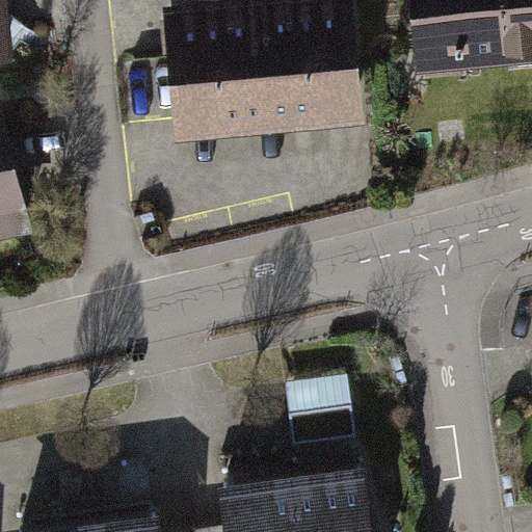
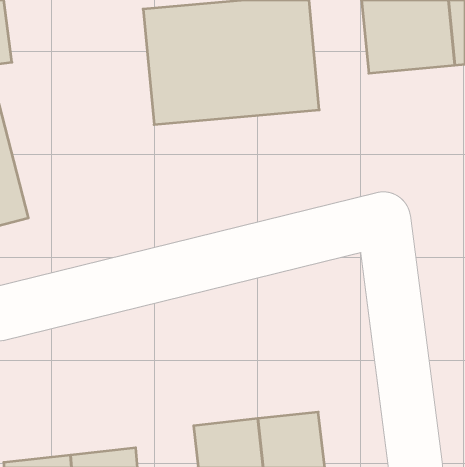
building: [286,373,354,438] -> none

